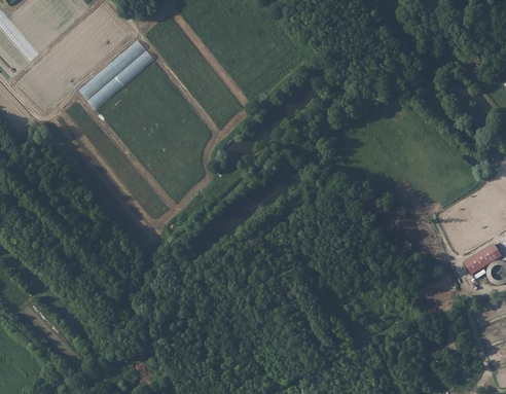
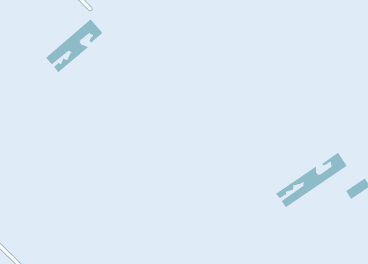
building: none -> [275,152,348,208]

